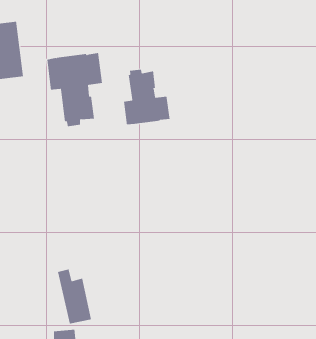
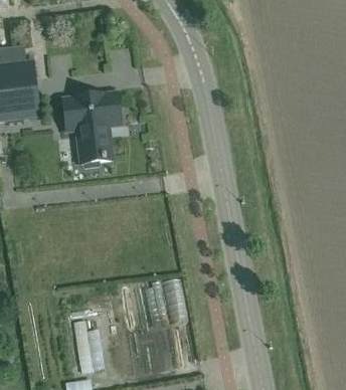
building: [124,69,170,125] -> none

